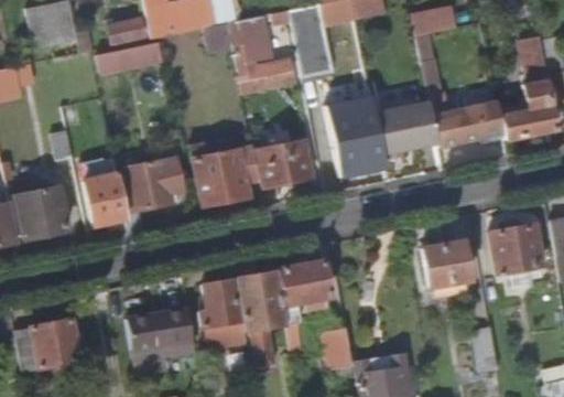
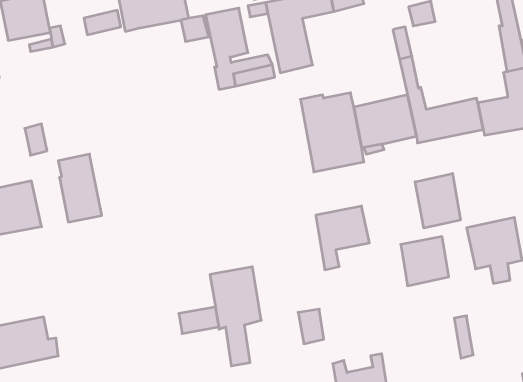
building: [100,39,167,71] -> none
building: [260,142,314,189] -> none
building: [193,143,261,204] -> none
building: [127,159,185,234] -> none
building: none -> [415,173,460,228]
building: [278,260,330,323] -> [316,206,369,270]
building: [198,279,237,318] -> none
building: [130,310,196,352] -> none

